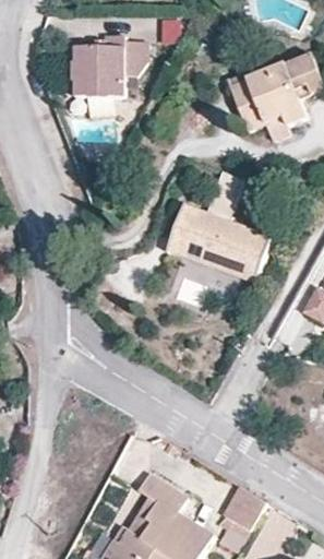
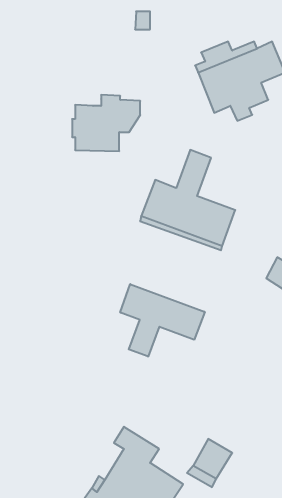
building: [72,36,146,97] -> [72,95,140,151]
building: none -> [120,284,205,357]

